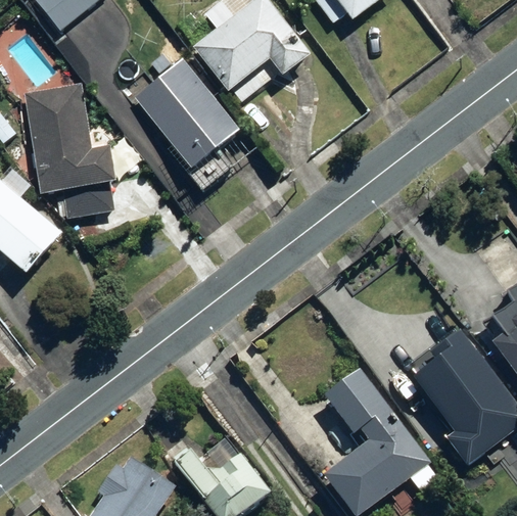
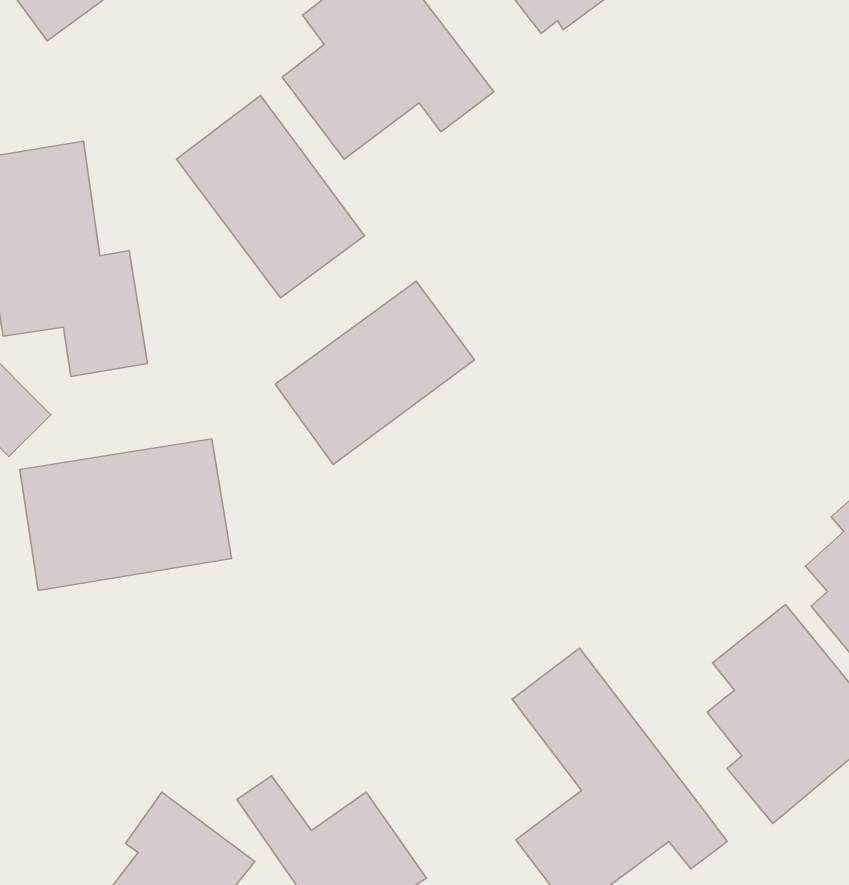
building: none -> [275,281,475,465]
building: none -> [20,439,232,590]

